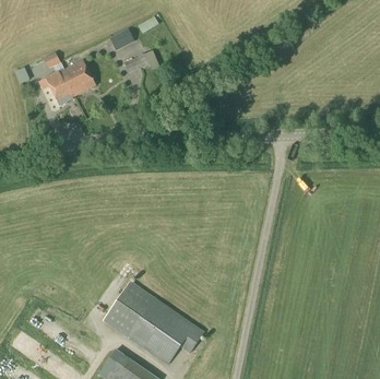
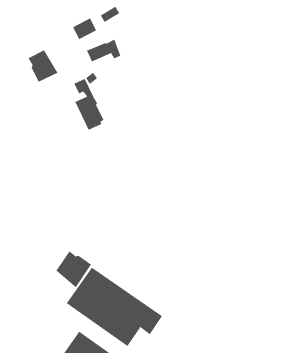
building: [44,50,75,104] -> [73,78,104,131]
building: none -> [55,251,92,288]

